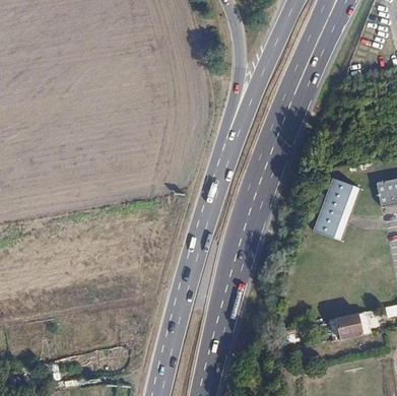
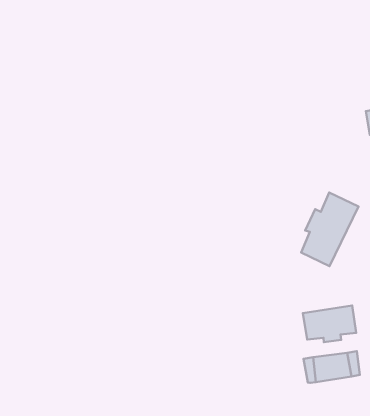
building: none -> [303,305,356,342]

